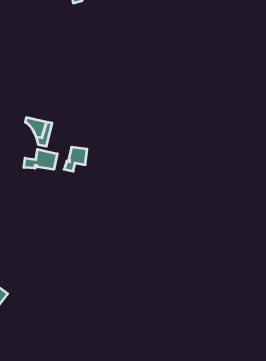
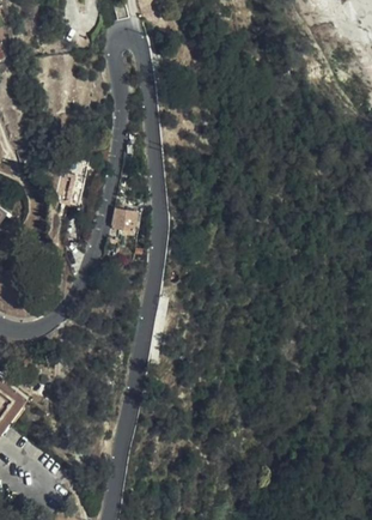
building: [24,149,57,169] -> none

